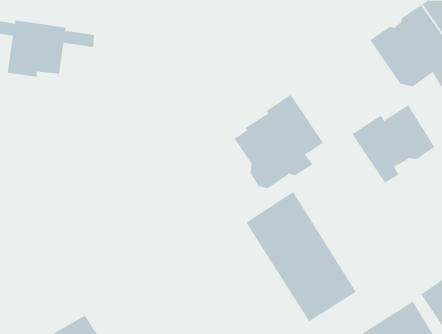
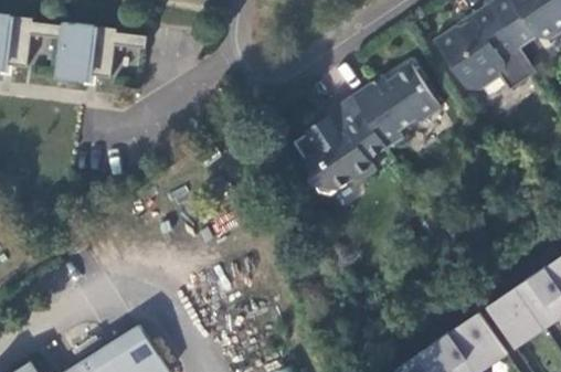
building: [351,104,435,184] -> [353,67,441,150]
building: [246,191,356,322] -> none

